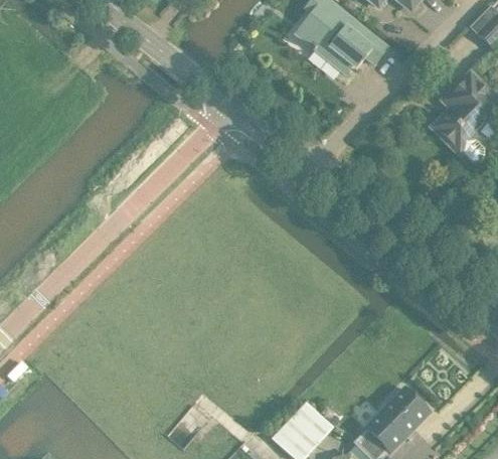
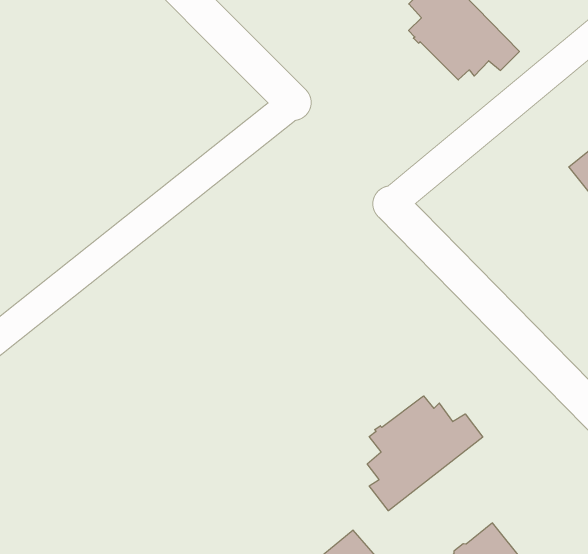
building: none -> [367,396,483,511]

